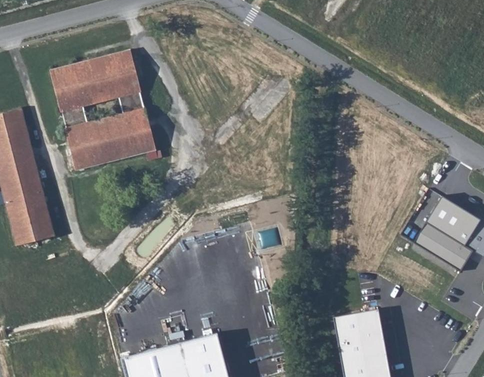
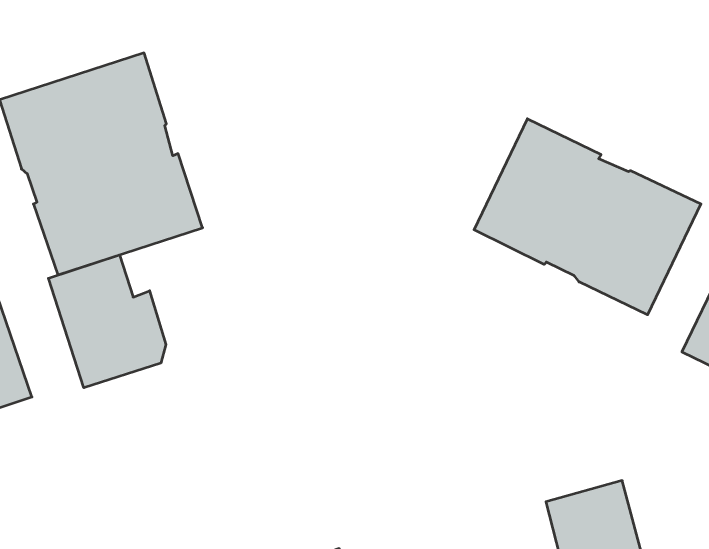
building: none -> [474,119,701,315]
building: none -> [48,255,166,388]

